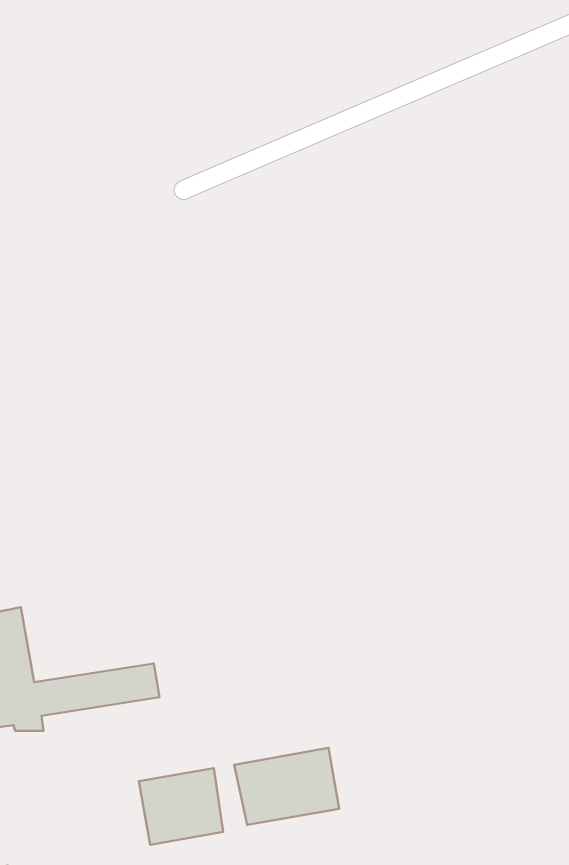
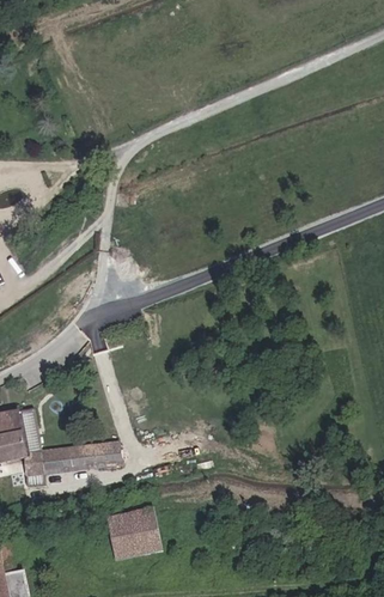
building: [234,748,339,825] -> none

